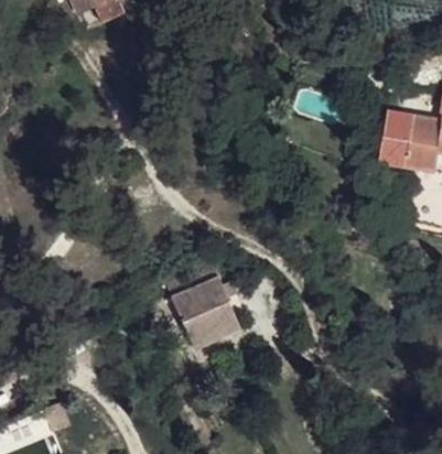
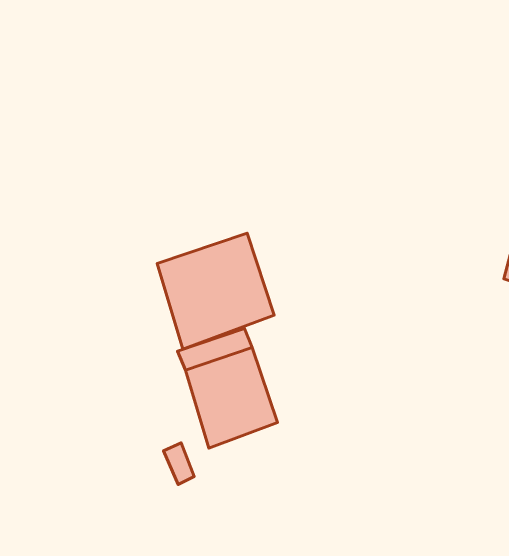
building: none -> [157,233,274,349]

